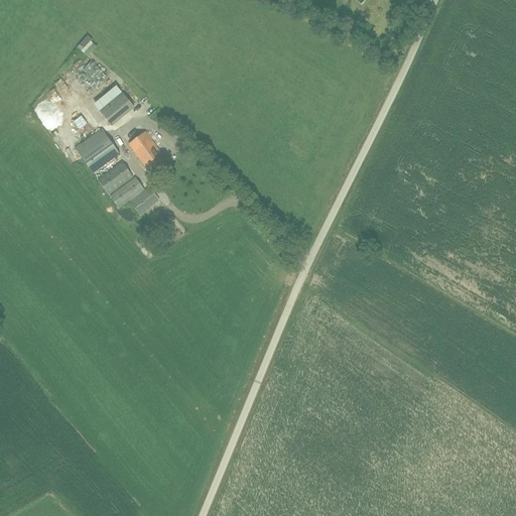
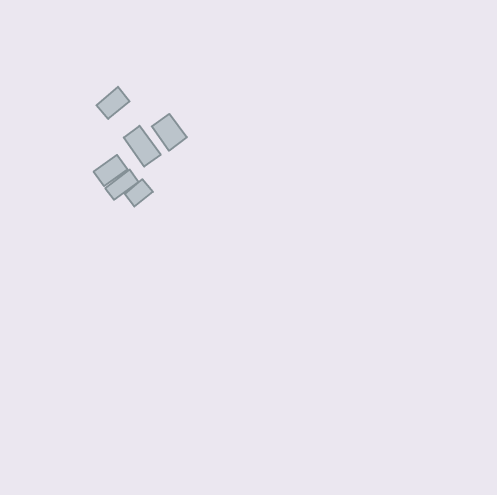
building: none -> [152,114,187,151]
building: [75,127,119,171] -> none

